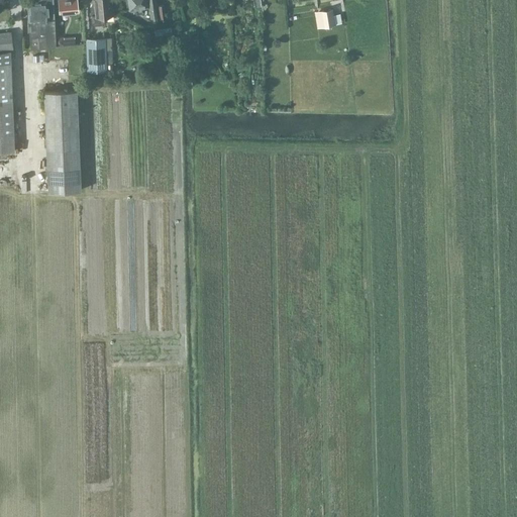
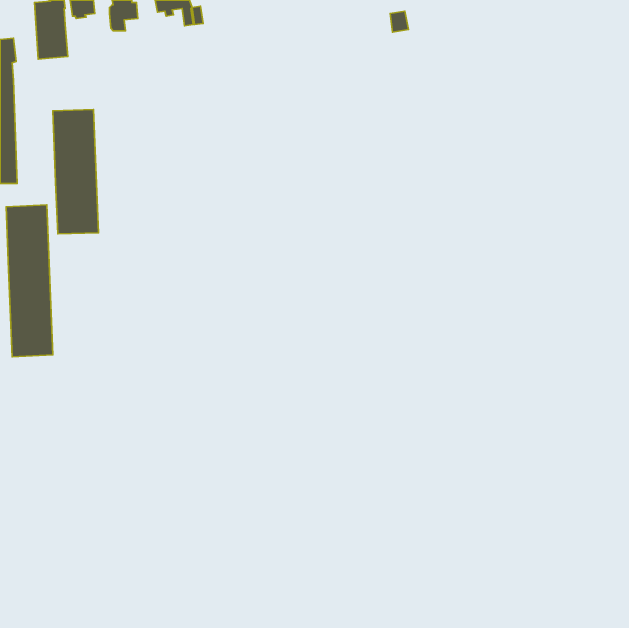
building: [86,38,106,72] -> none
building: none -> [6,205,53,357]

